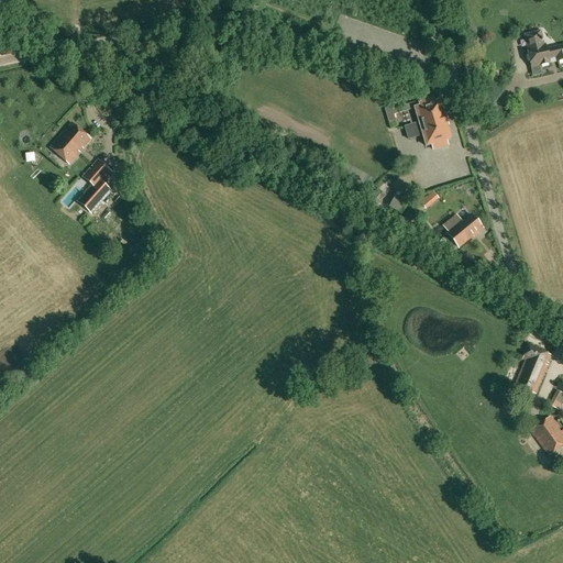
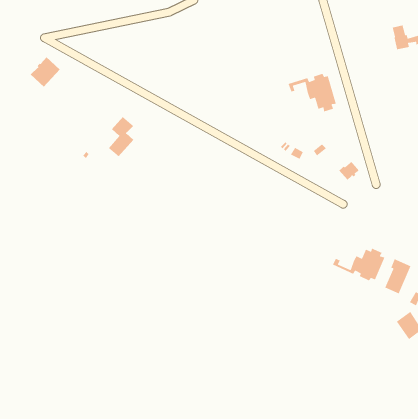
building: [52,123,92,165] -> [30,56,60,88]
building: [79,159,114,214] -> [108,116,134,157]
building: none -> [332,247,385,281]

